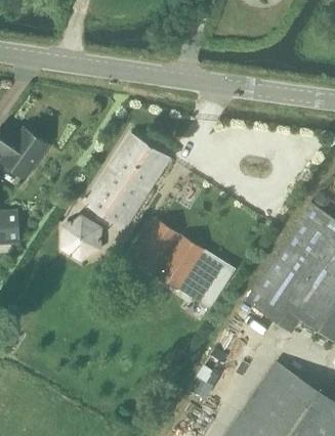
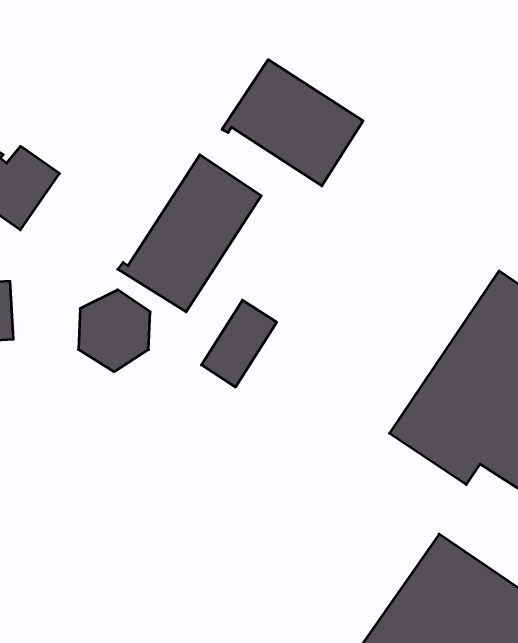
building: none -> [222,60,363,186]
building: [158,236,231,307] -> none

